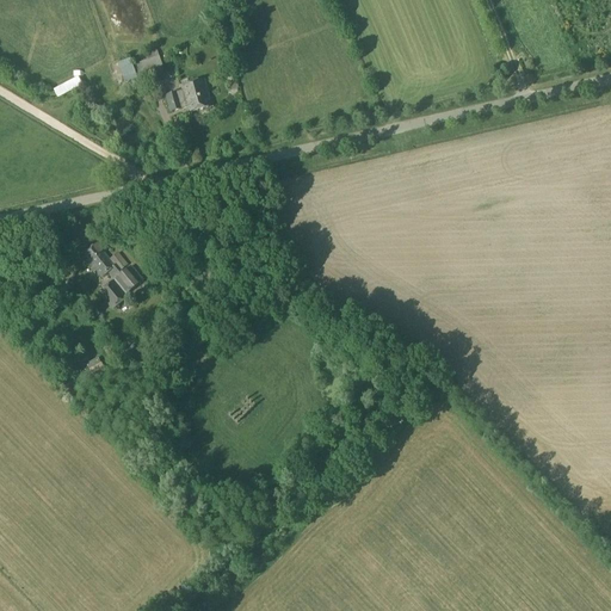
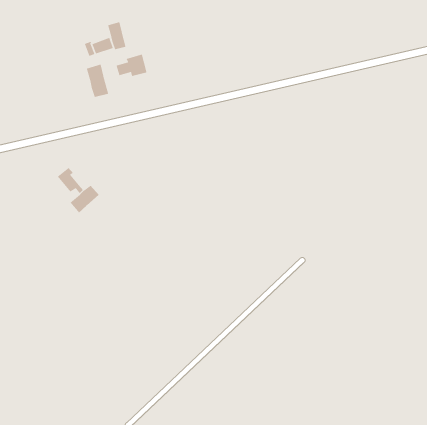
building: none -> [107,21,127,50]
building: none -> [86,64,109,98]

